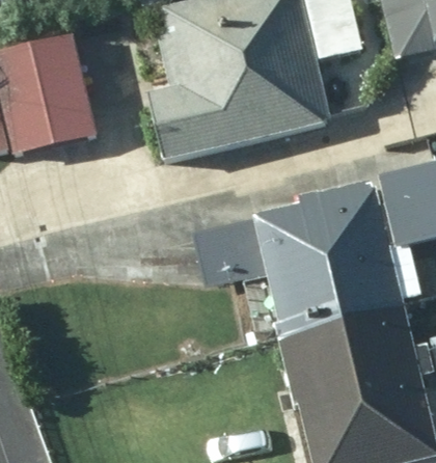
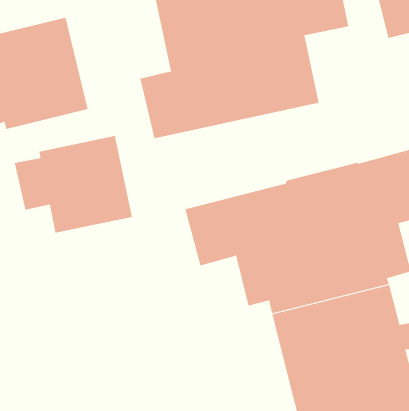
building: none -> [14,135,132,234]

